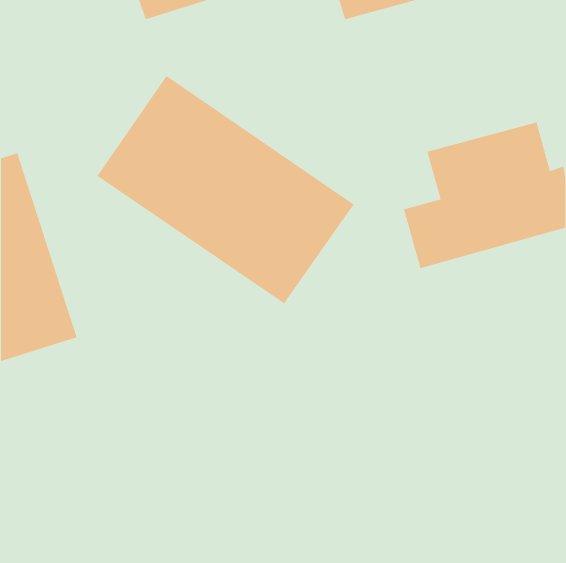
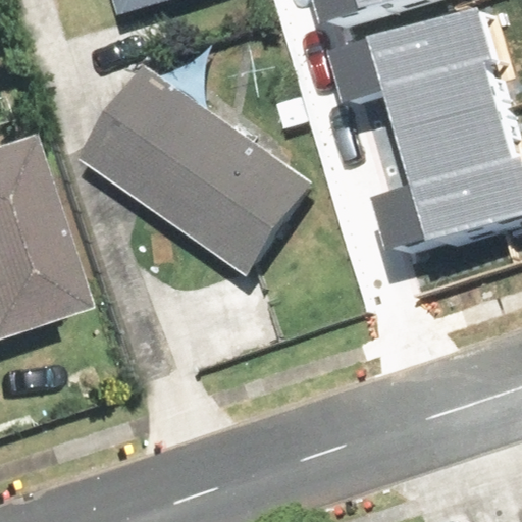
building: none -> [332,8,494,140]

